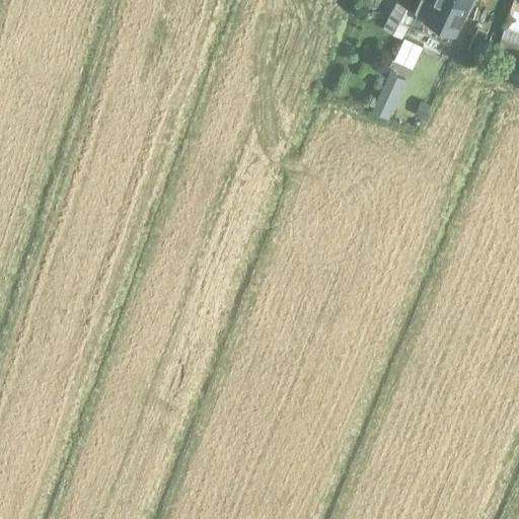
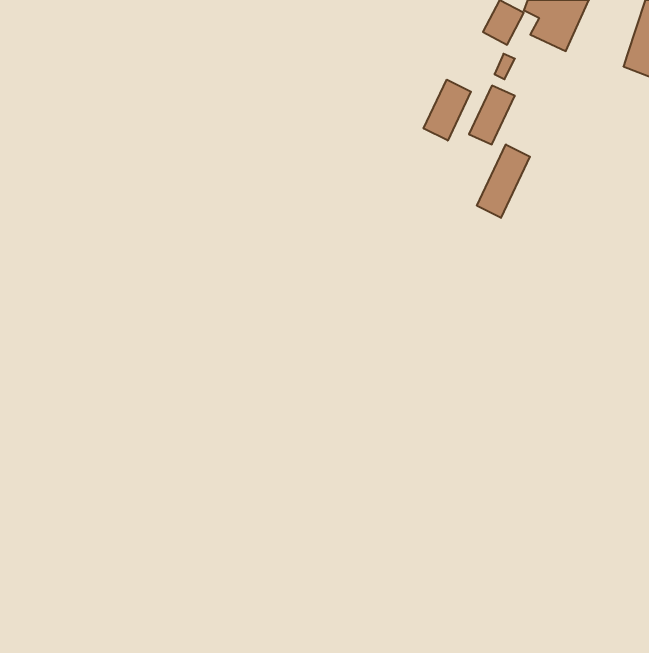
building: none -> [424,80,471,141]
building: none -> [477,144,530,218]

